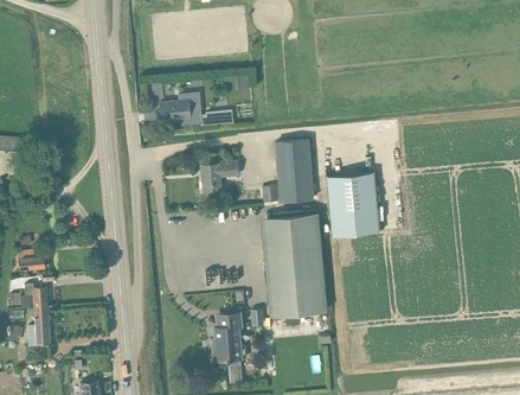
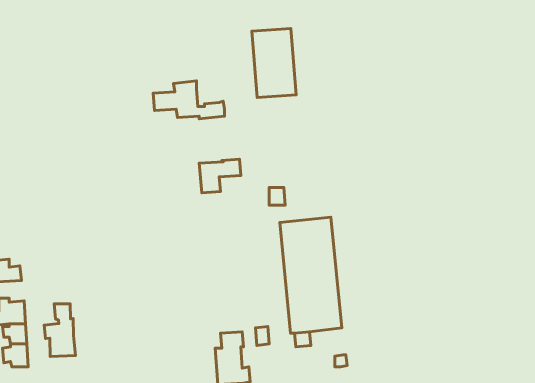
building: [274,140,313,200] -> [252,29,296,97]
building: [325,172,378,236] -> none
building: none -> [44,304,75,357]

